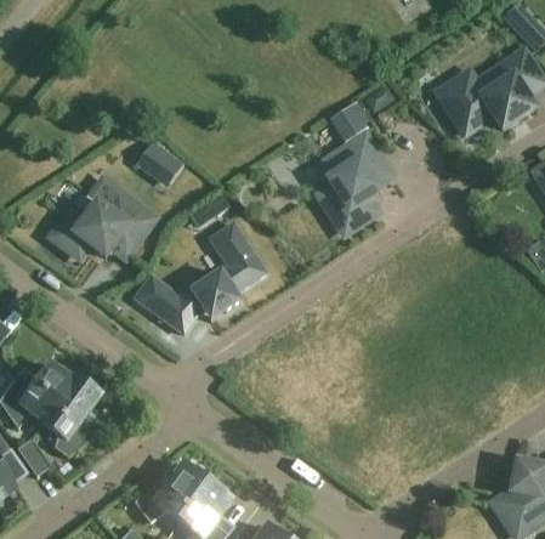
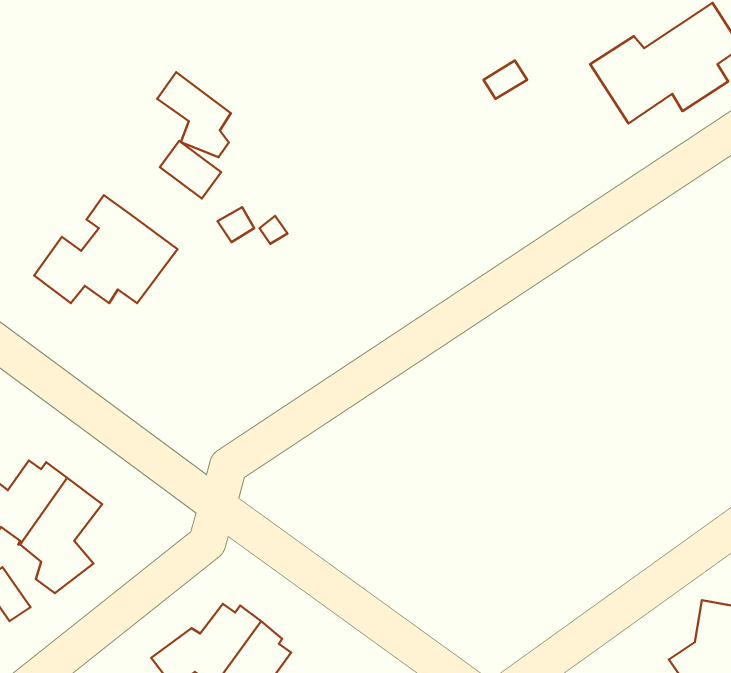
building: none -> [157,72,231,157]
building: [329,100,370,140] -> none
building: [319,136,390,232] -> none
building: [134,223,265,333] -> none

